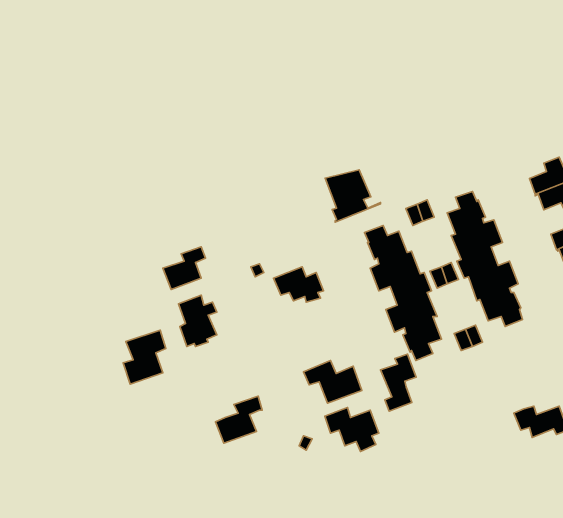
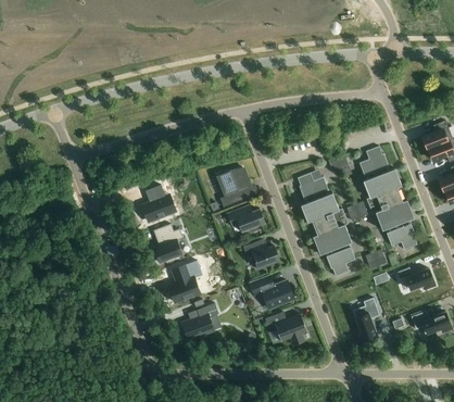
building: [325,170,381,222] -> [216,167,258,208]
building: none -> [243,240,279,268]
building: [123,330,166,384] -> [169,261,202,302]
building: none -> [396,267,434,289]
building: [381,354,416,411] -> [353,298,380,341]

